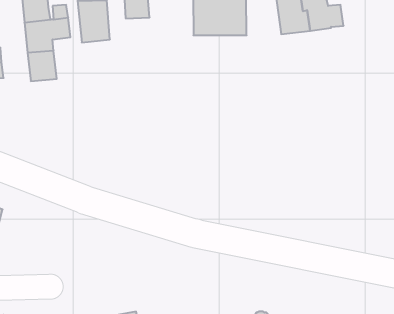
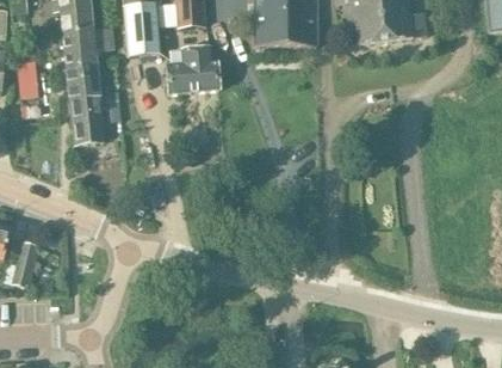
building: none -> [167,48,219,93]
building: none -> [70,86,109,145]

